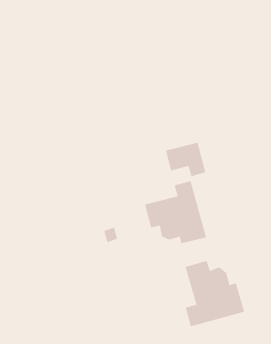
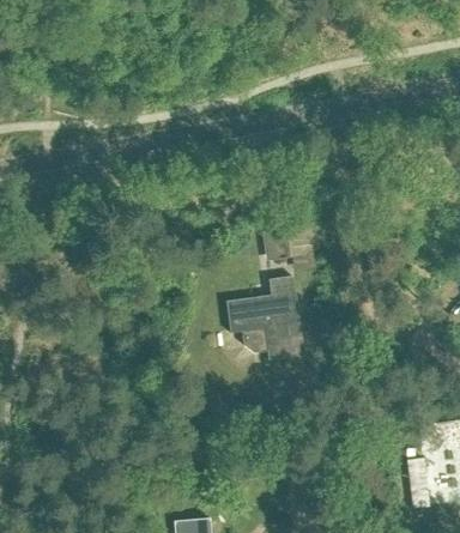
building: [185,260,245,327] -> none

